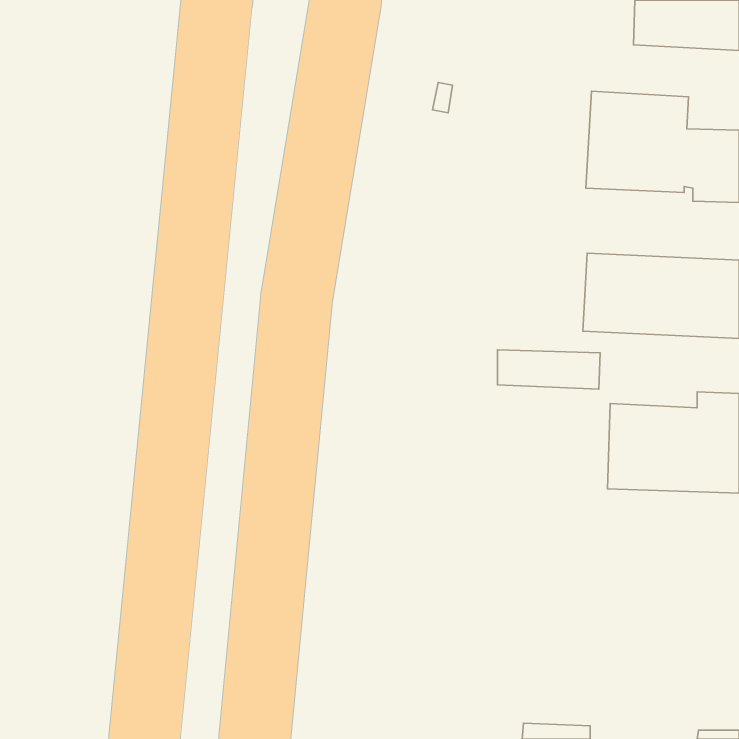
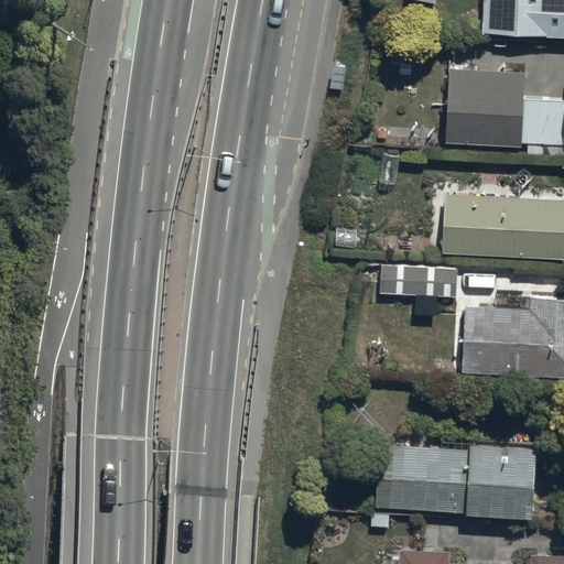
building: none -> [375,446,534,519]

